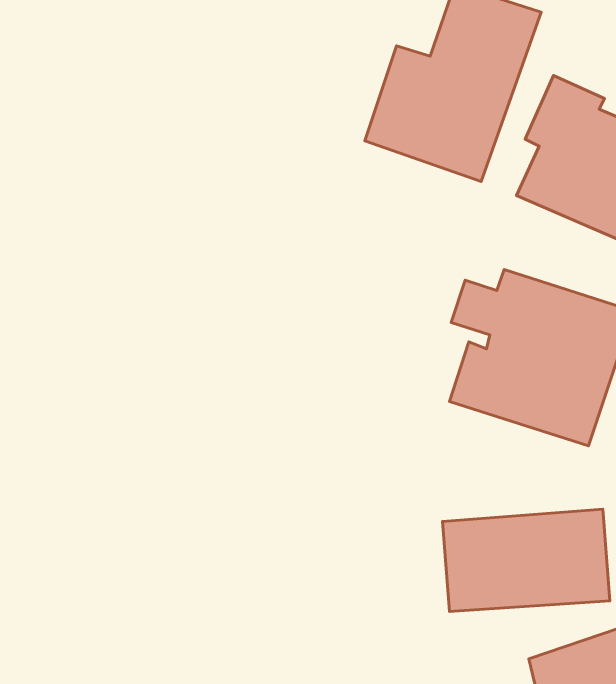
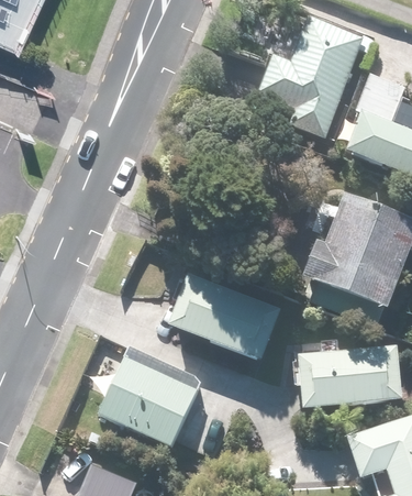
building: none -> [171,272,288,362]
building: none -> [98,356,197,448]

